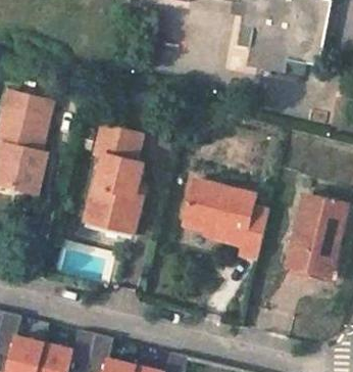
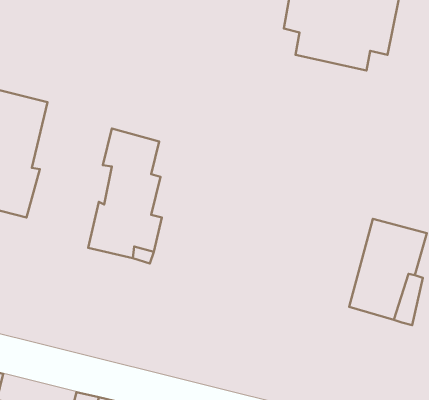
building: [184,177,267,255] -> none

